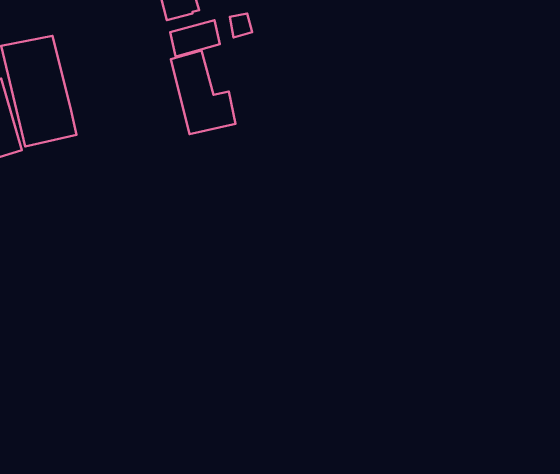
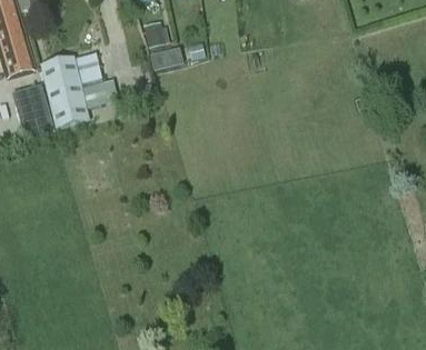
building: [171,50,236,134] -> [75,50,117,104]

